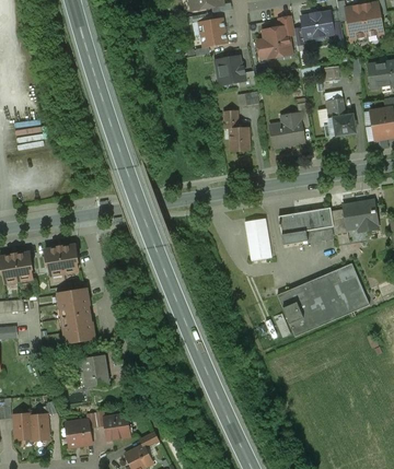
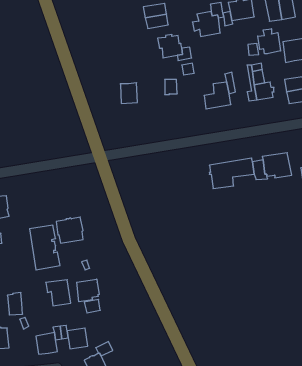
building: none -> [258,29,281,54]
building: [229,127,250,152] -> [120,83,137,103]
building: [244,218,271,260] -> none
building: [45,244,78,275] -> [56,217,83,243]
building: [277,263,369,336] -> none
building: none -> [77,279,99,302]
building: [31,413,49,441] -> [7,293,23,315]

